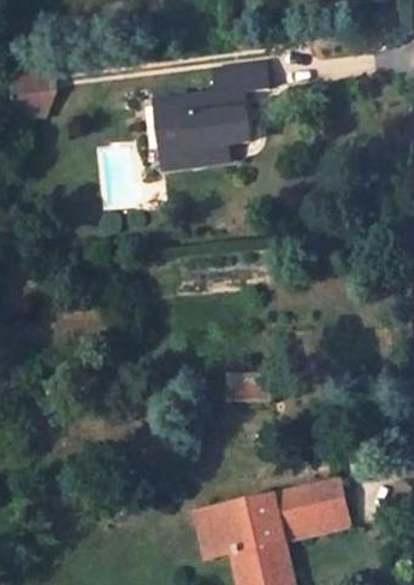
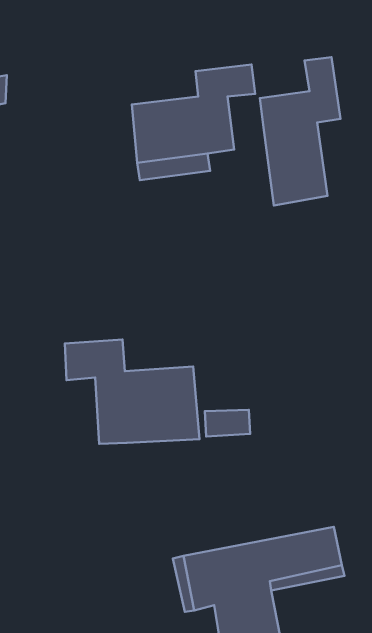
building: none -> [260,57,340,205]
building: none -> [65,340,199,444]

